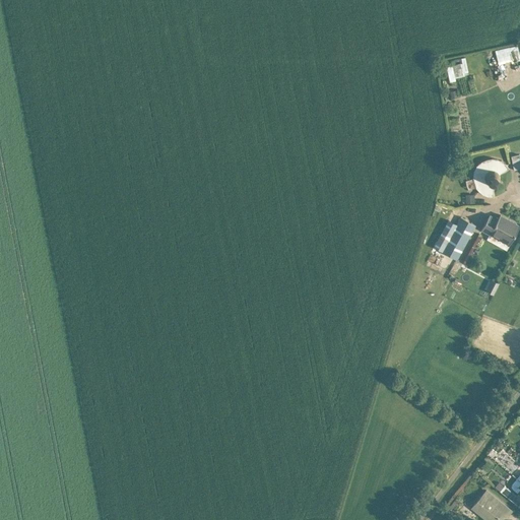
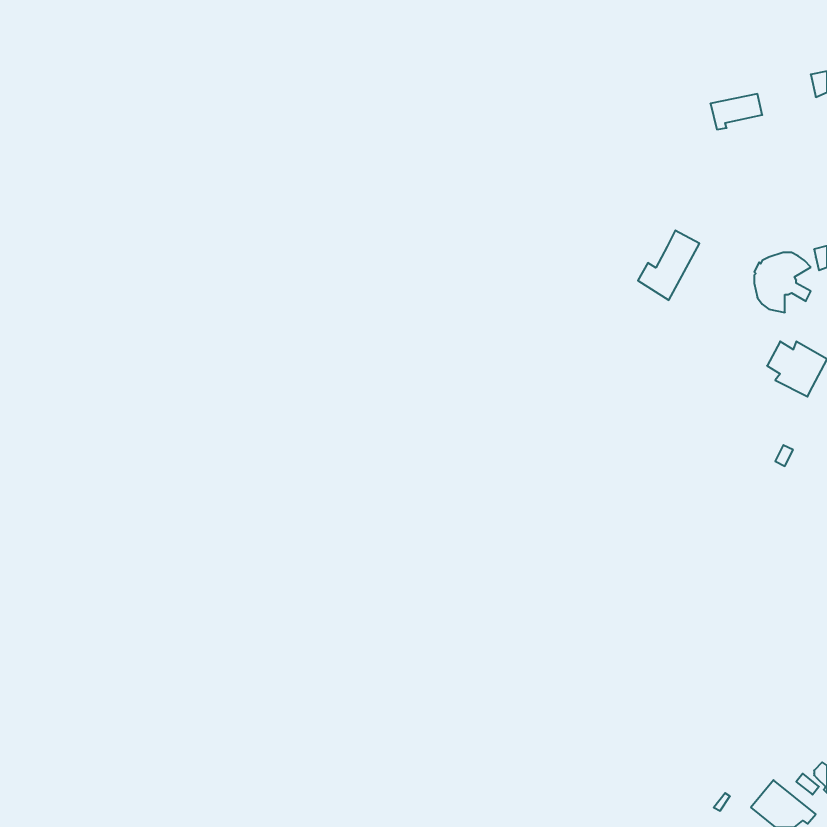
building: [437,216,475,260] -> [638,230,699,300]

